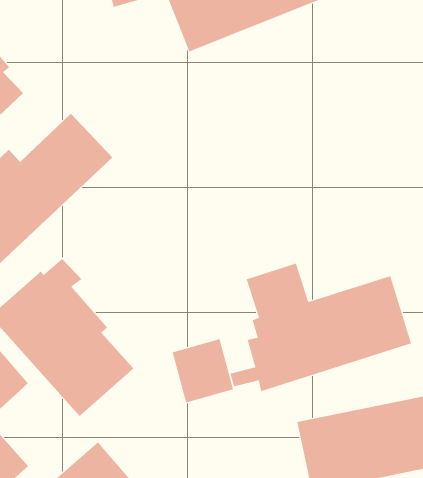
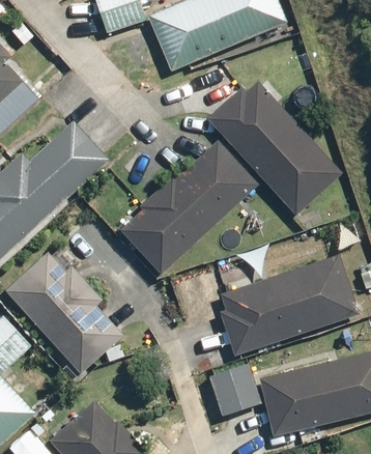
building: none -> [206,74,342,216]
building: none -> [118,140,258,275]
building: [172,339,234,403] -> [209,365,261,419]

